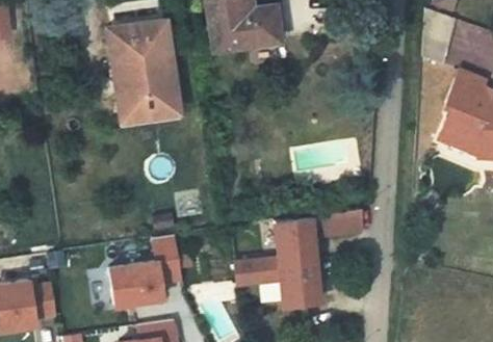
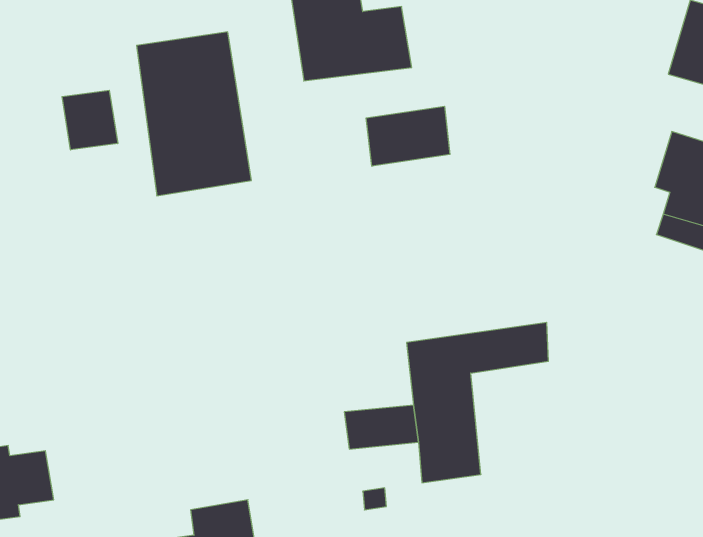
building: none -> [62,90,118,150]
building: none -> [366,106,450,166]
building: [108,232,181,304] -> none

